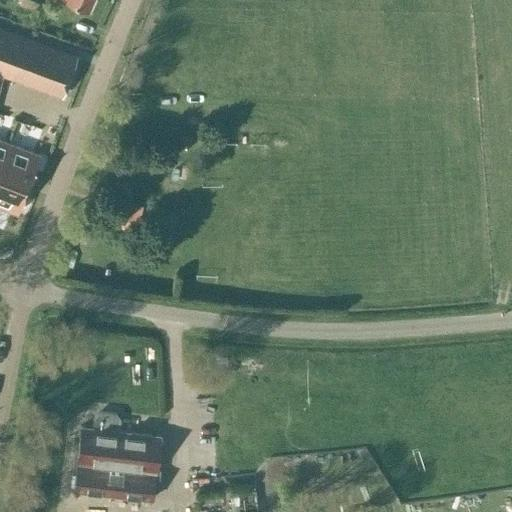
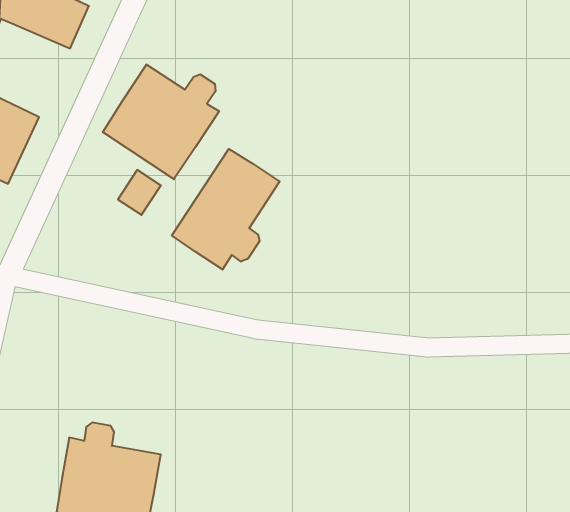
building: none -> [103,64,219,179]
building: none -> [172,149,280,270]

